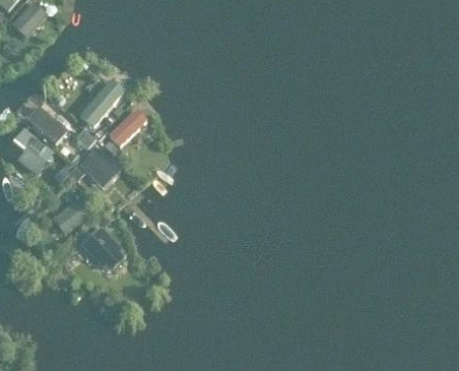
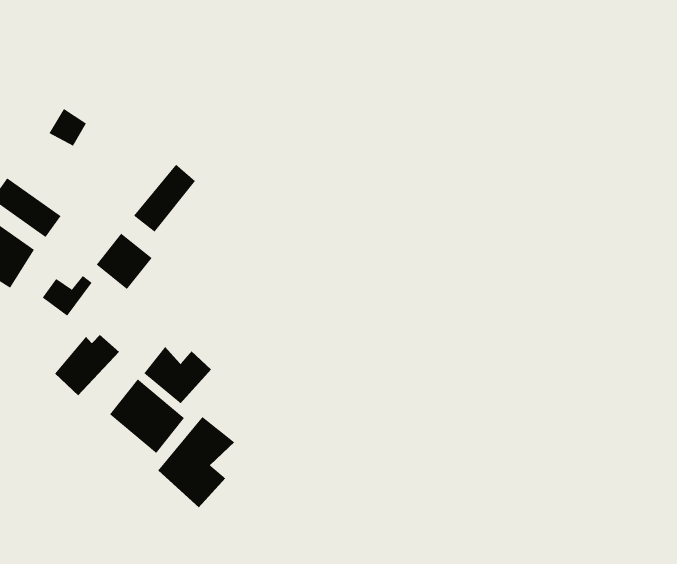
building: [79,79,123,127] -> none
building: none -> [144,346,212,404]
building: none -> [157,416,235,508]

